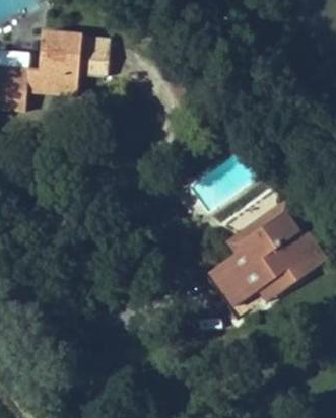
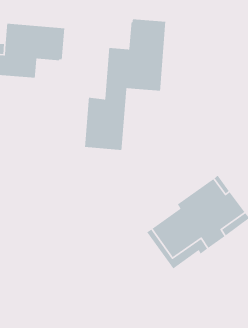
building: none -> [84,18,166,151]

